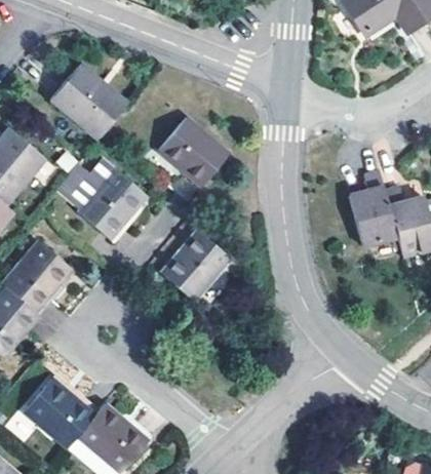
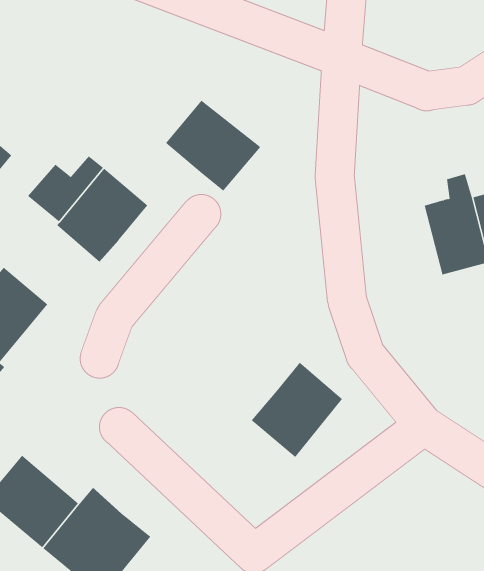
building: [51,64,126,137] -> none
building: [162,229,230,300] -> [251,362,343,458]

